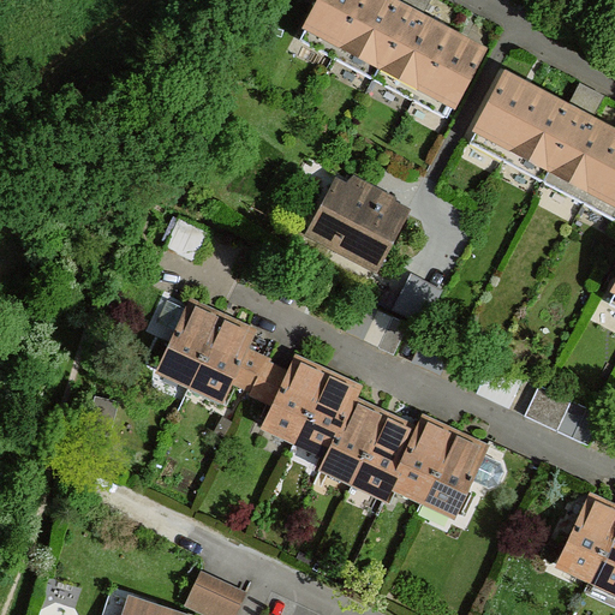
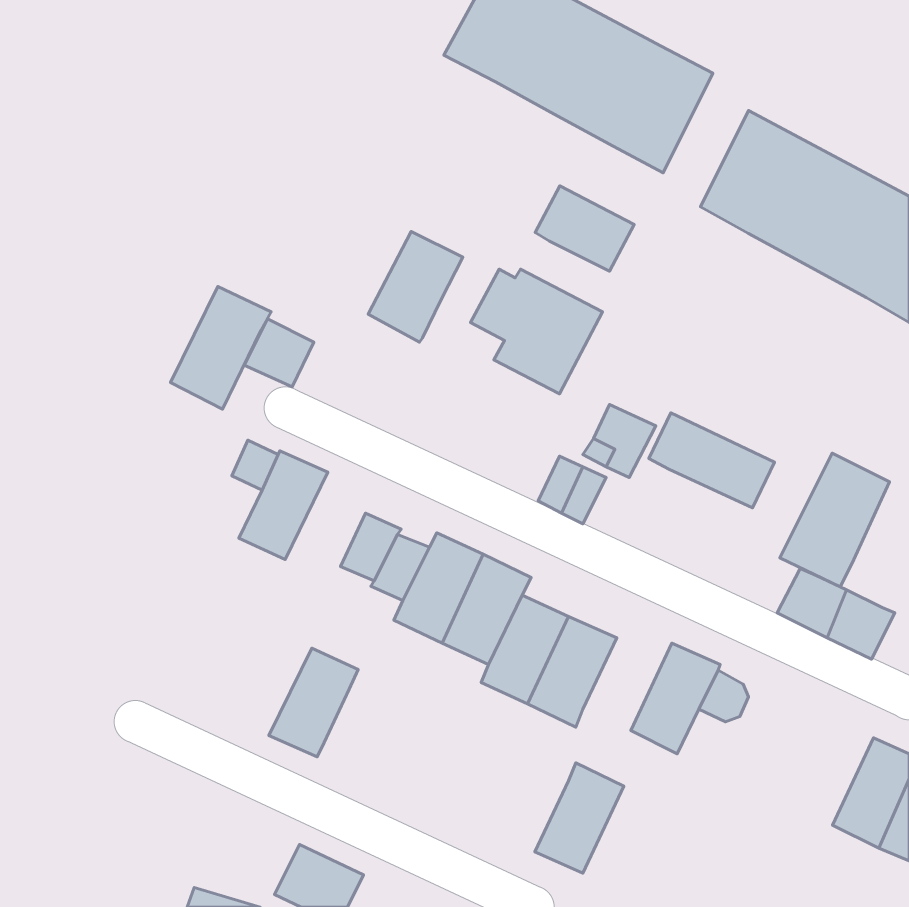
building: none -> [535,186,634,271]
building: none -> [368,232,463,342]
building: none -> [171,286,271,409]
building: none -> [649,413,775,508]
building: none -> [780,453,889,587]
building: [192,318,252,392] -> [269,648,358,757]
building: [393,418,453,492] -> [535,763,624,873]

